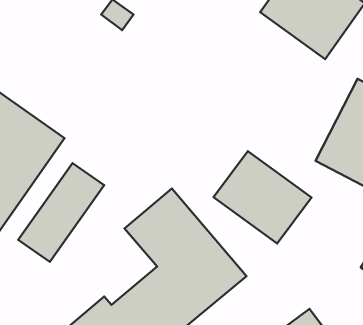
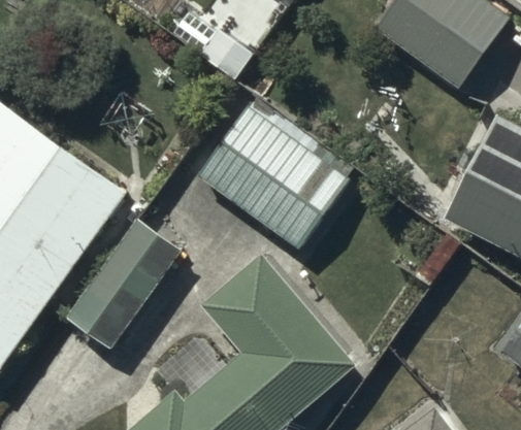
building: none -> [197,107,346,247]
building: [213,151,311,244] -> none

